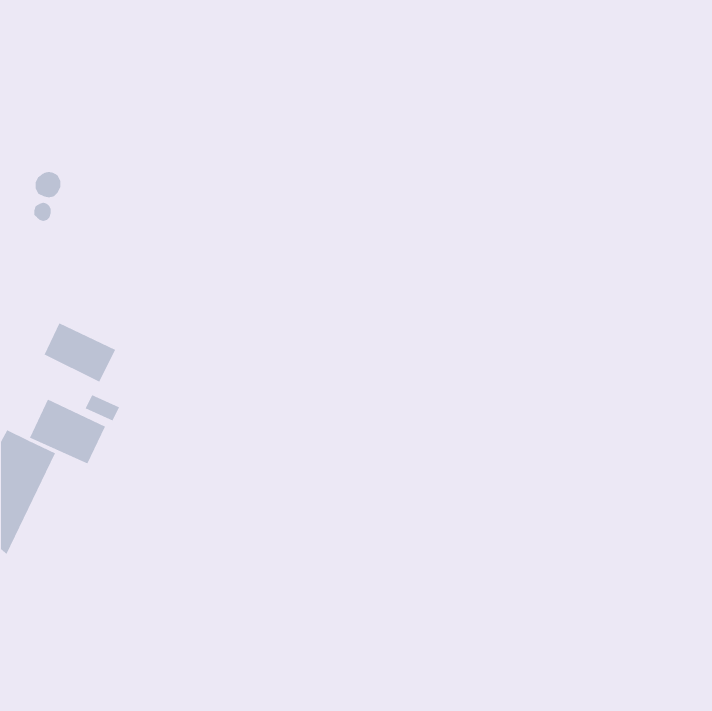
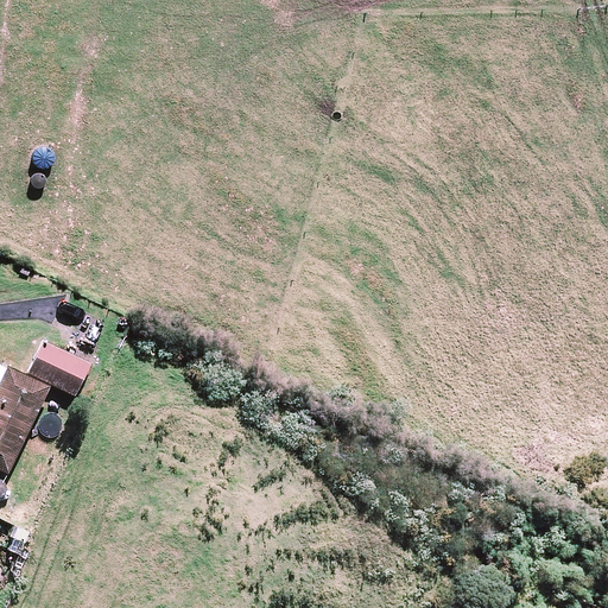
building: [44,323,116,383] -> none

